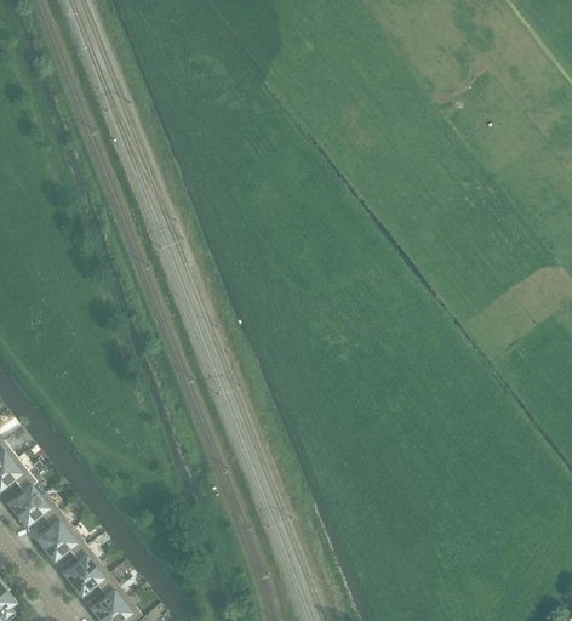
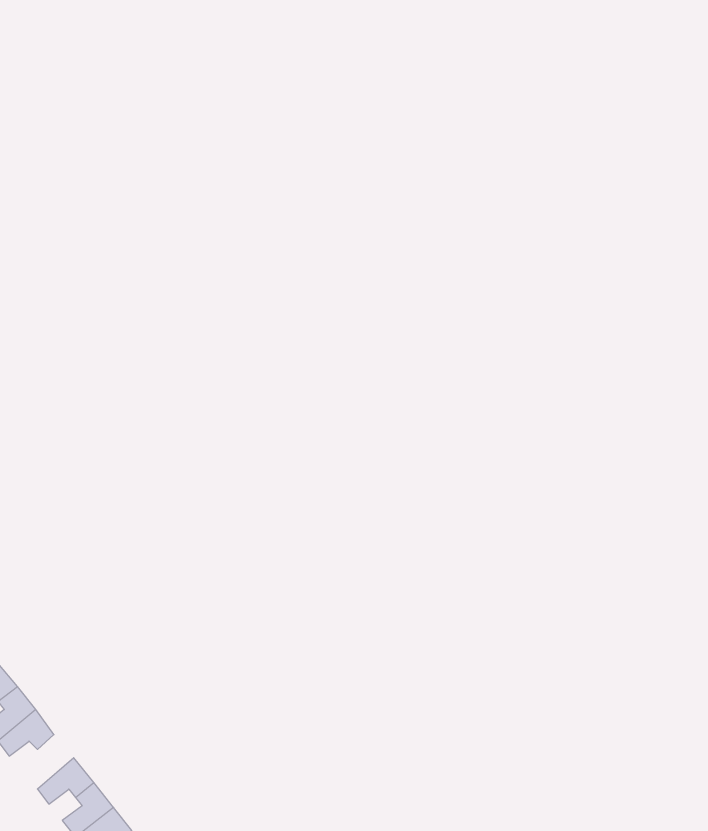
building: [56,540,92,580] -> none

